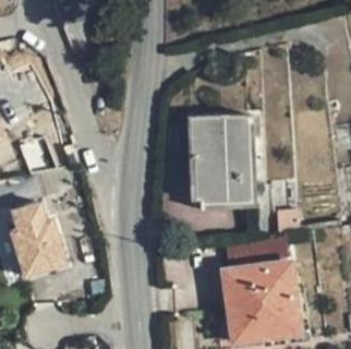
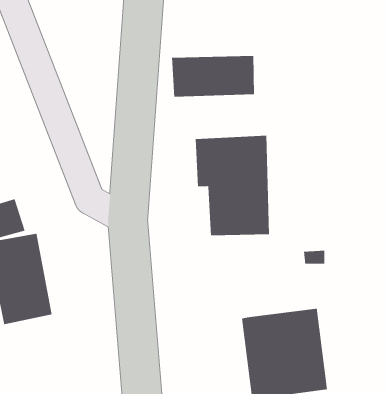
building: none -> [172,55,254,98]
building: [225,238,289,272] -> none

